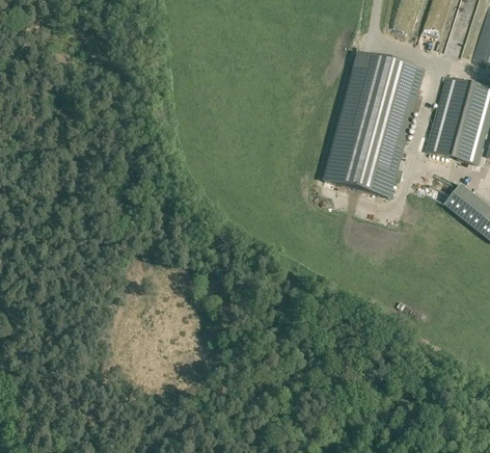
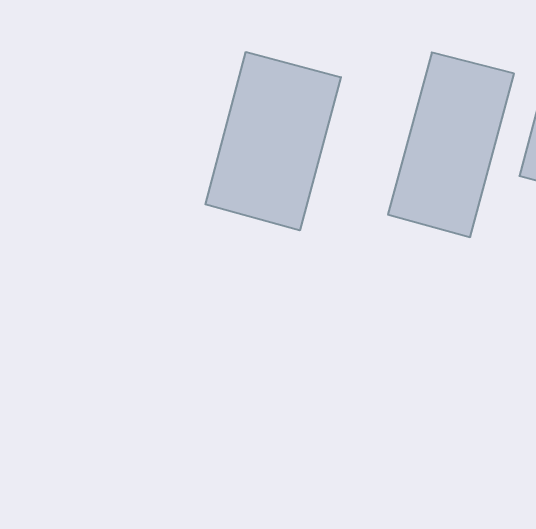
building: none -> [205,52,341,230]

